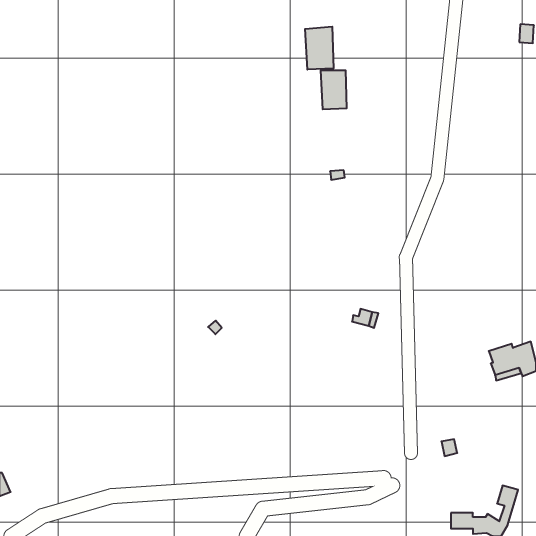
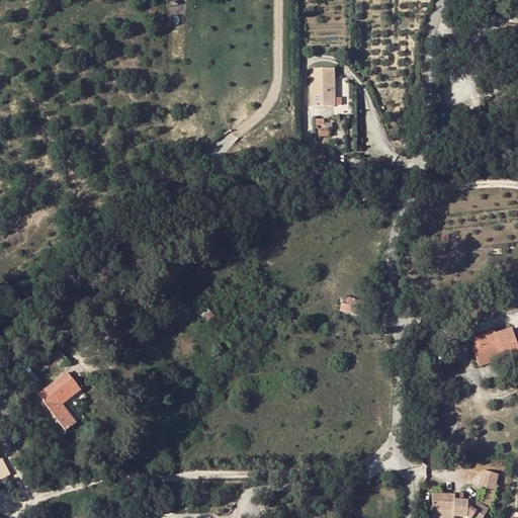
building: [305,27,334,70] -> none
building: none -> [38,372,81,430]

